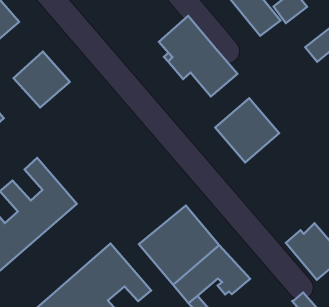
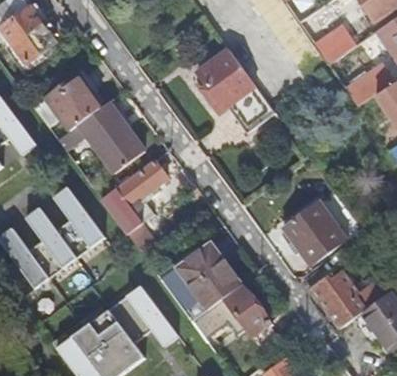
building: none -> [58,102,146,174]
building: [215,98,279,162] -> [282,201,347,266]
building: none -> [102,160,168,258]

